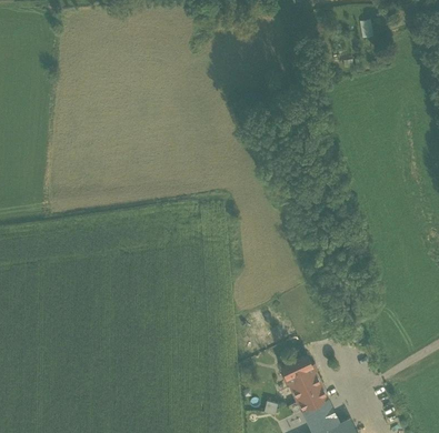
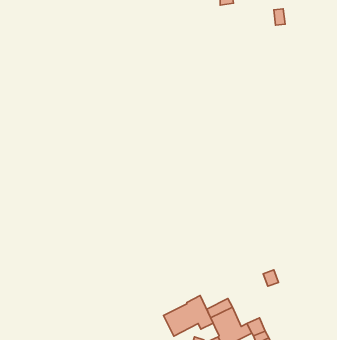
building: none -> [163,296,213,336]

